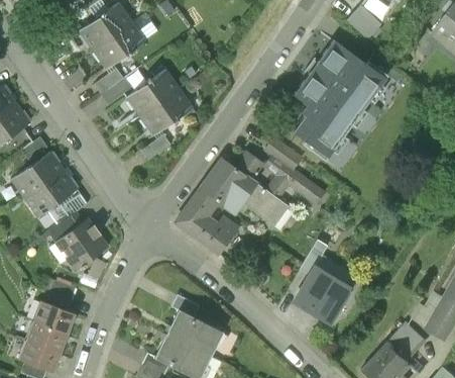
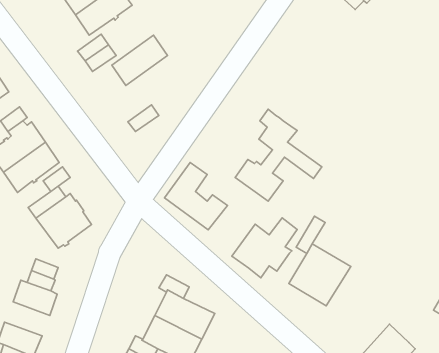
building: [292,40,388,162] -> none
building: [139,88,193,135] -> none
building: [200,153,261,209] -> [232,218,297,278]
building: [25,320,68,353] -> none
building: [387,325,421,359] -> none

